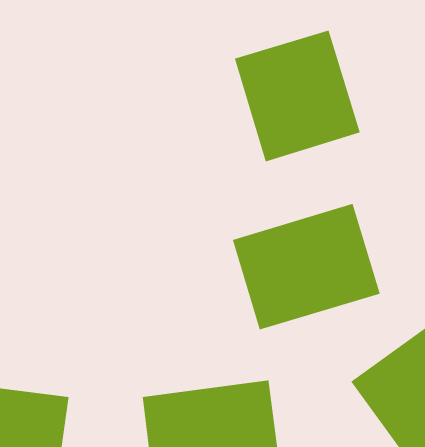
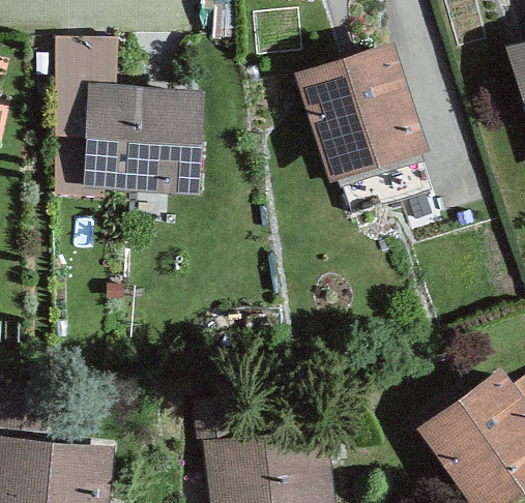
building: none -> [82,88,194,189]
building: [232,203,381,330] -> none

